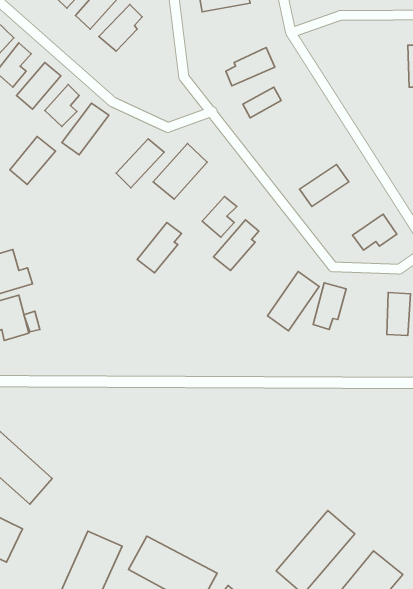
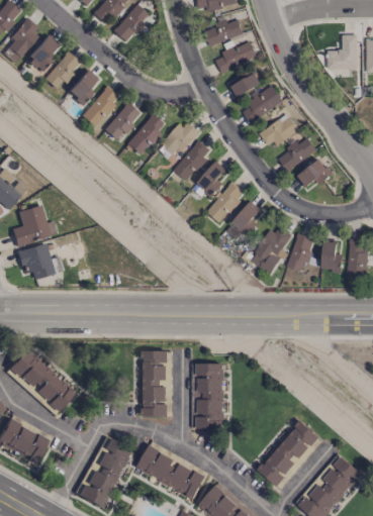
building: none -> [204,19,244,45]
building: none -> [328,34,358,69]
building: none -> [244,86,283,121]
building: [10,137,55,185] -> [104,103,142,142]
building: none -> [260,114,299,149]
building: [352,214,397,250] -> [296,159,333,188]
building: [137,222,181,273] -> [174,140,210,182]
building: none -> [226,202,260,241]
building: none -> [322,241,343,272]
building: none -> [142,350,168,416]
building: none -> [192,364,224,428]

